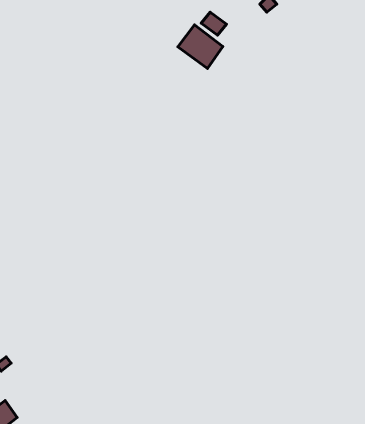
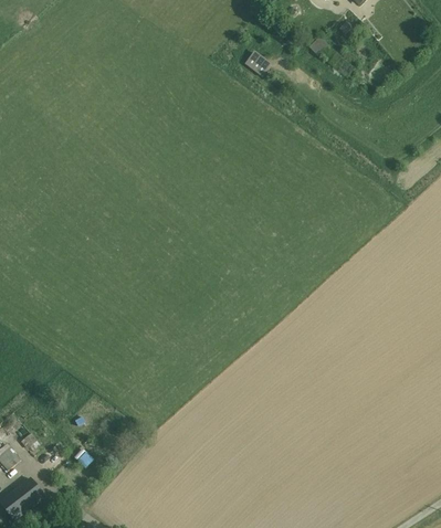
building: [178,25,223,69] -> none

